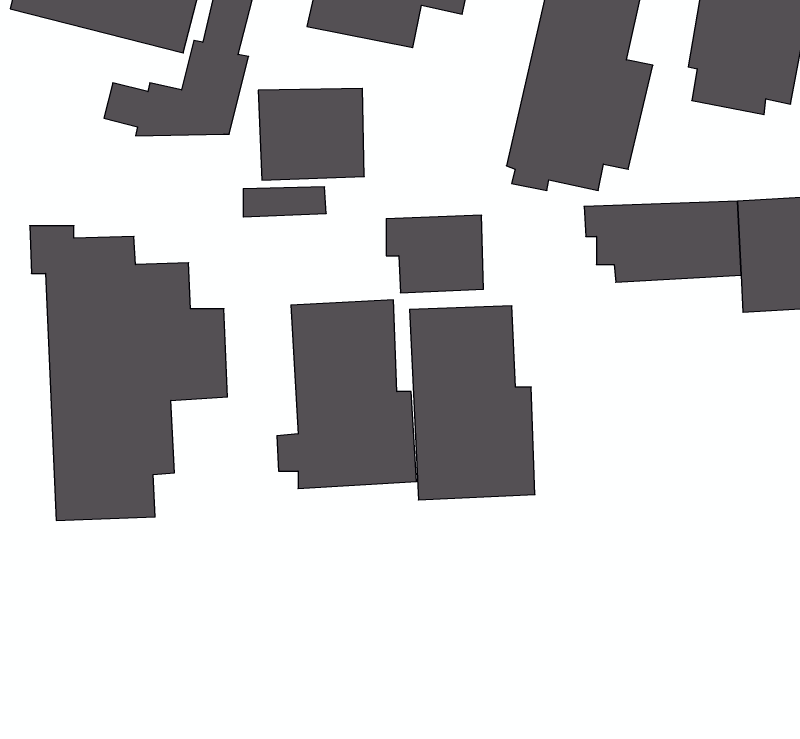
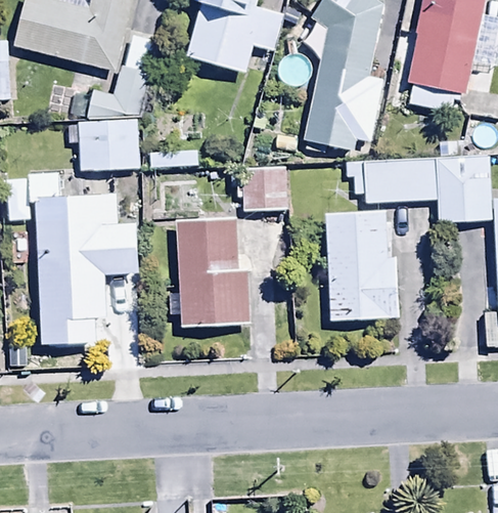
building: [258,88,364,180] -> [77,119,138,172]
building: [410,306,535,500] -> [325,208,398,320]

